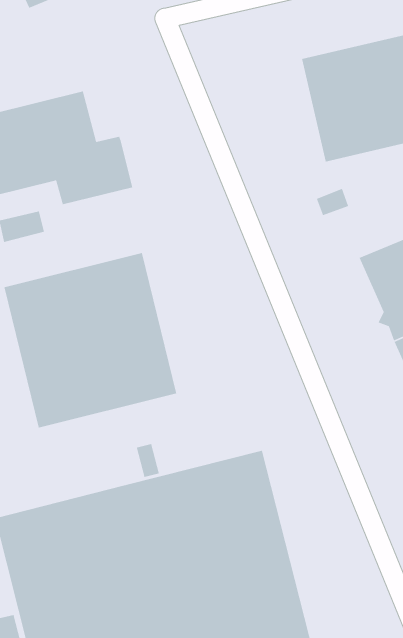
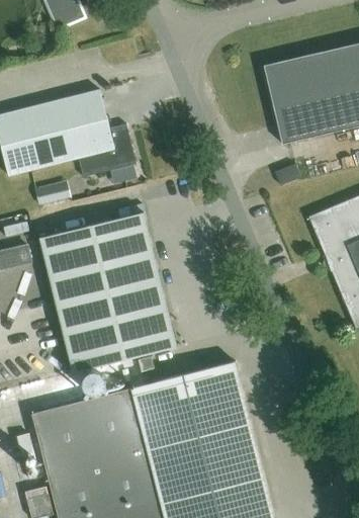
building: none -> [65,320,176,373]

